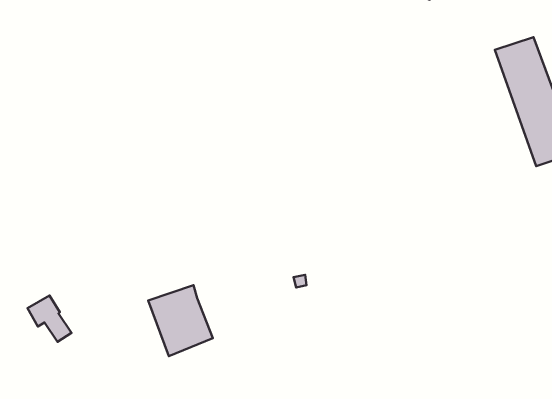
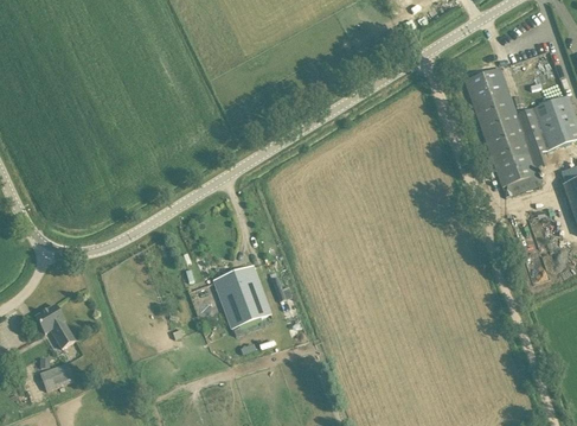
building: [148,285,213,356] -> [213,266,273,331]
building: none -> [40,365,75,393]

